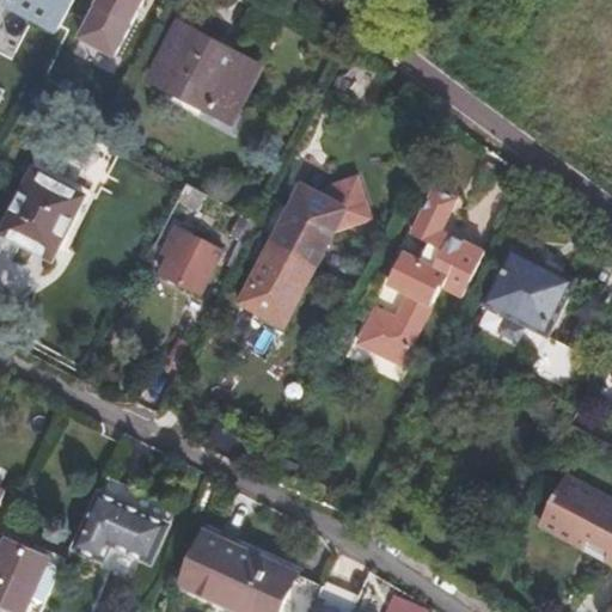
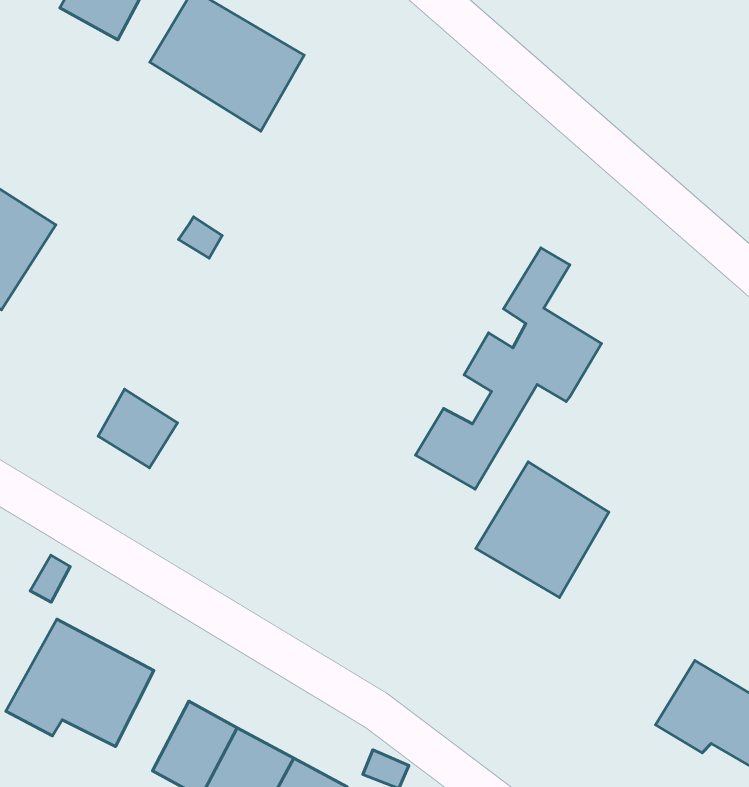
building: [240,179,369,328] -> none
building: [163,239,219,294] -> [98,389,177,468]
building: [479,247,573,343] -> [476,462,609,598]

